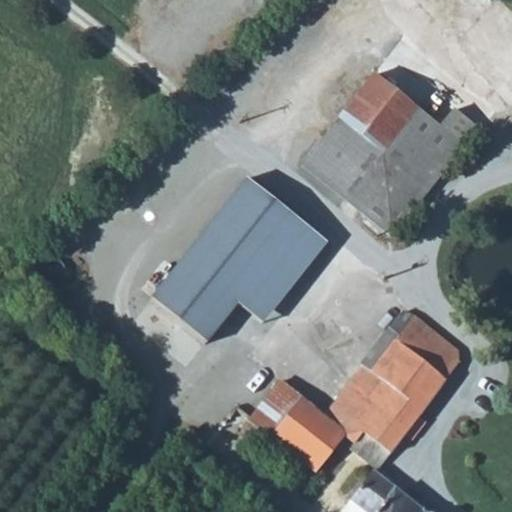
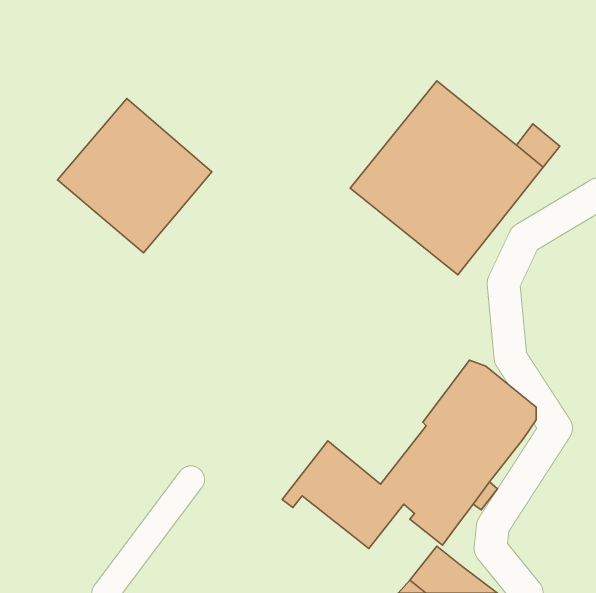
building: none -> [57,99,212,253]
building: [151,180,329,344] -> none

